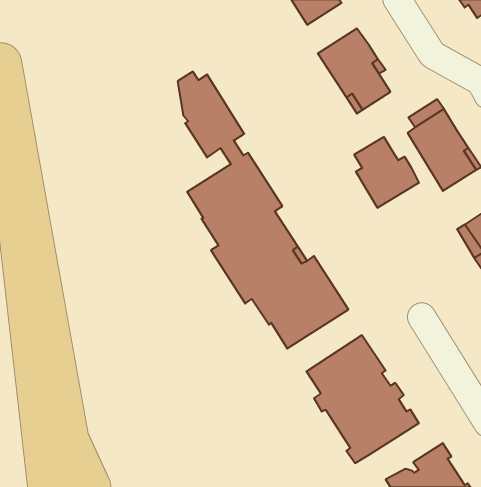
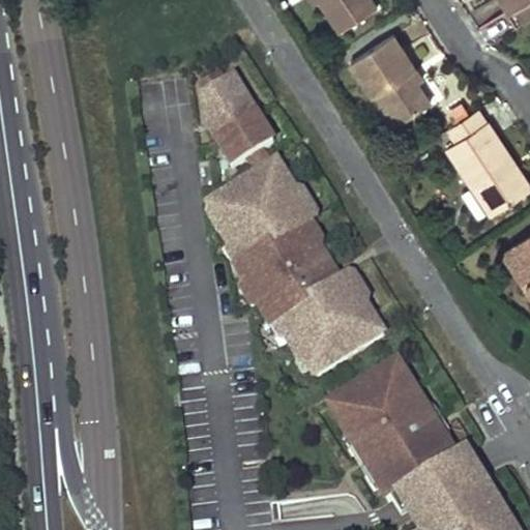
building: [354,137,419,208] -> none
building: none -> [408,452,488,520]

